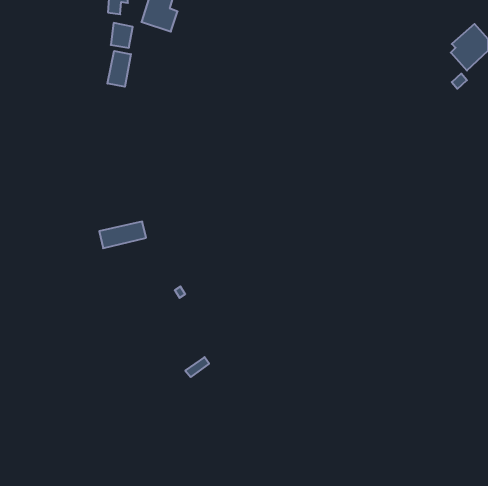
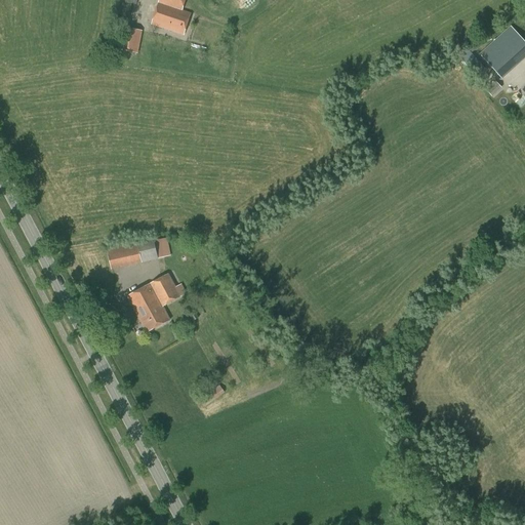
building: [107,51,131,87] -> none
building: none -> [127,273,180,331]

